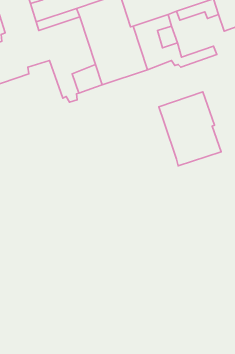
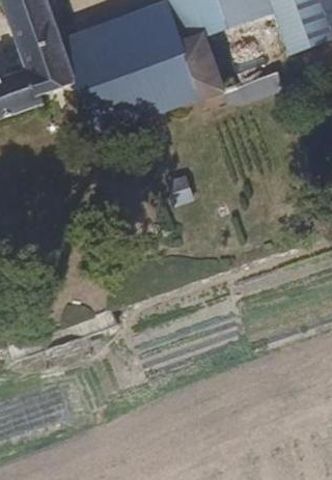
building: [159,92,221,166] -> none

